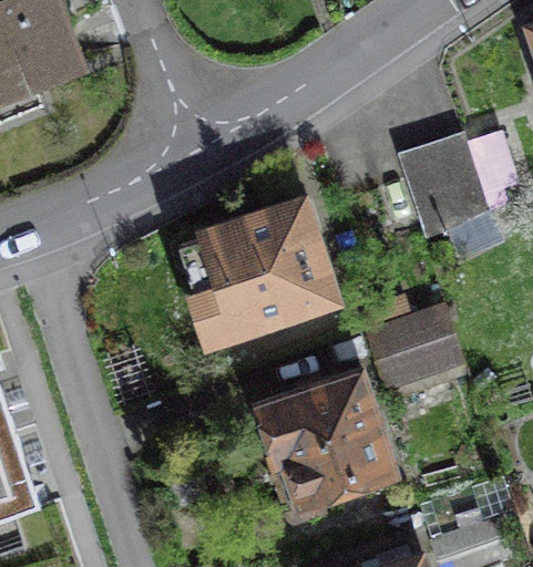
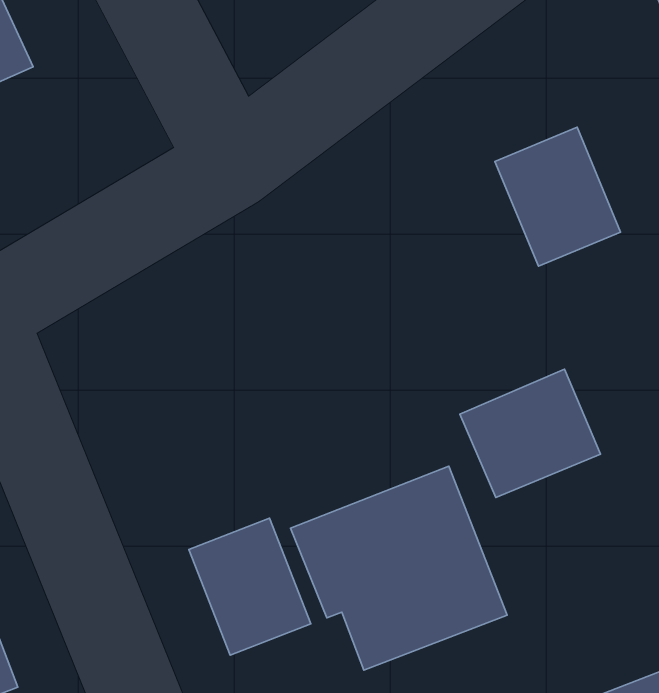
building: [176,194,338,351] -> none
building: none -> [189,518,311,655]

